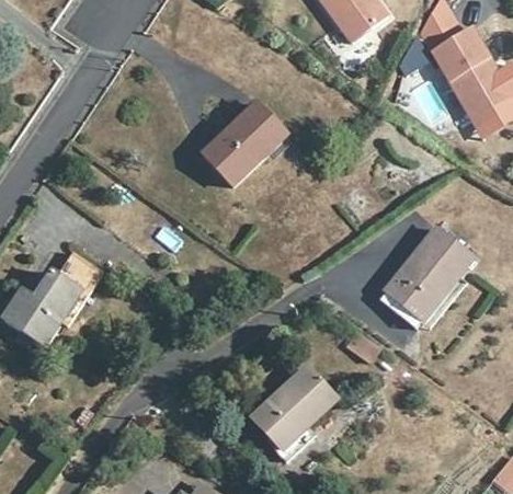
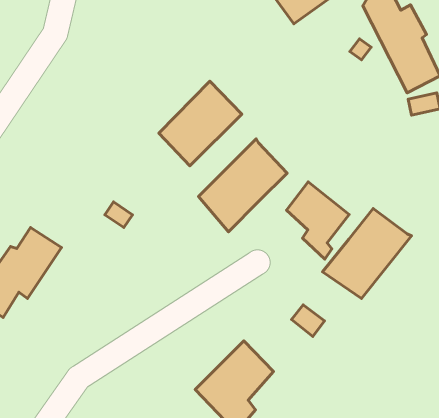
building: none -> [199,139,287,232]
building: none -> [286,182,349,259]

